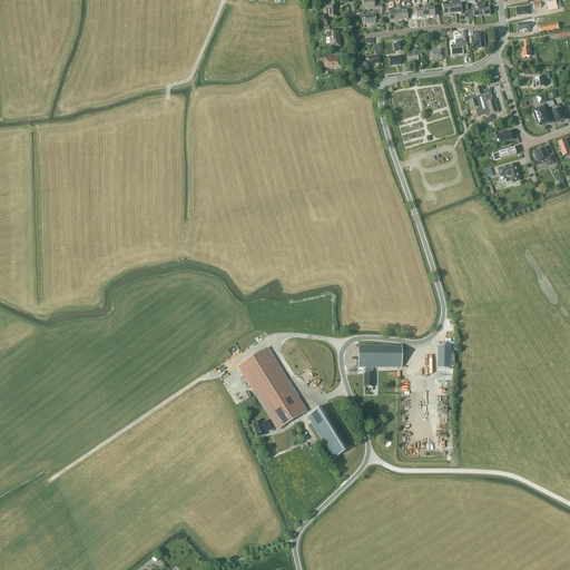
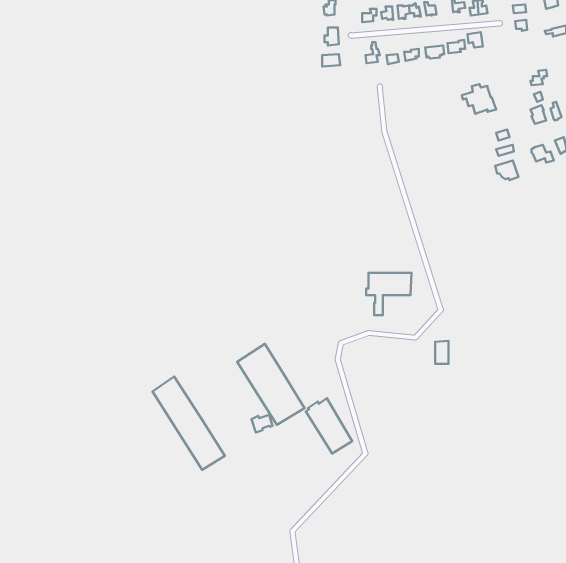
building: [356,343,402,385] -> [366,273,412,315]
building: none -> [153,377,225,470]

